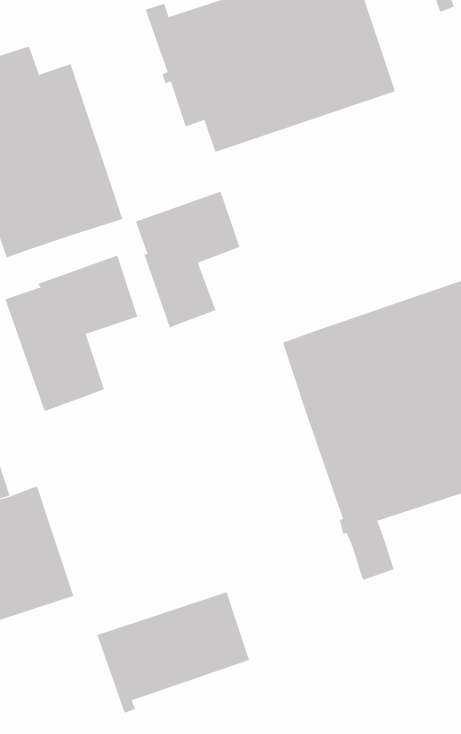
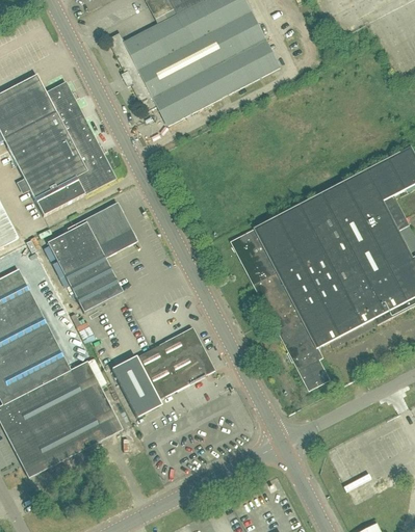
building: [135,191,240,328] -> none
building: [97,591,250,714] -> [110,326,213,417]

